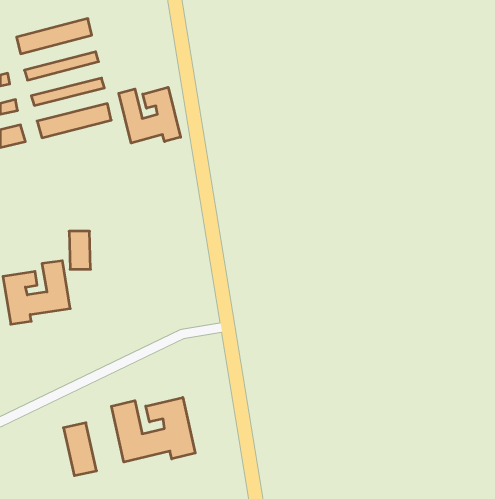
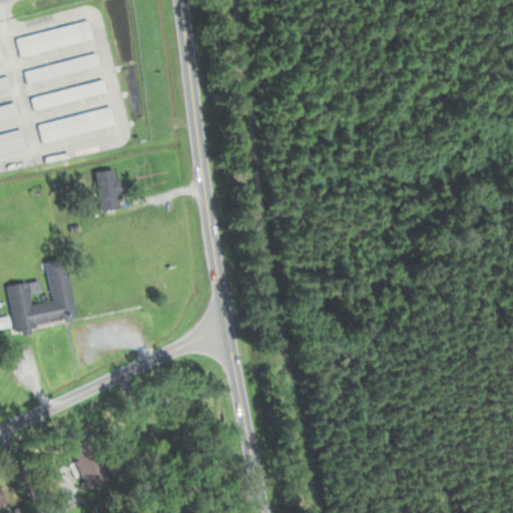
building: [119,87,181,143] -> none
building: [69,231,91,269] -> [96,169,118,208]
building: [111,397,195,462] -> none

